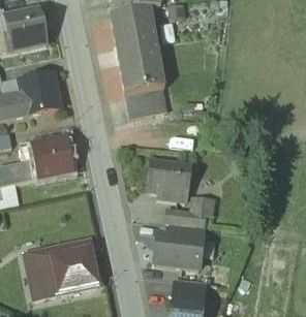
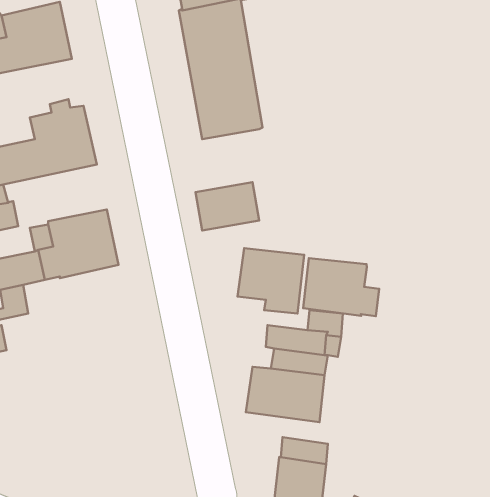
building: [127,87,166,117] -> [196,182,259,231]
building: none -> [303,258,379,316]
building: [25,236,101,298] -> none

